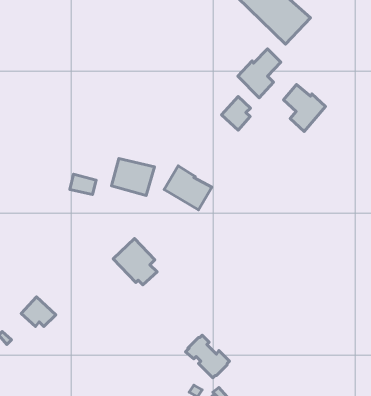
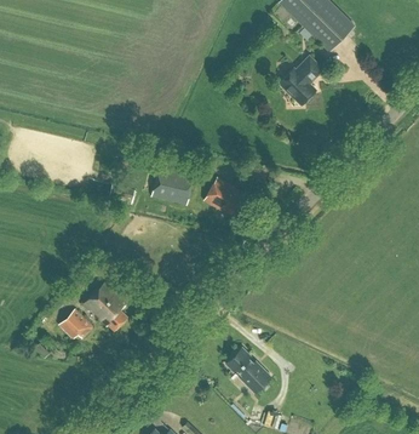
building: [284,85,326,131] -> none
building: [221,97,250,130] -> none
building: [113,239,157,285] -> [84,281,128,329]

